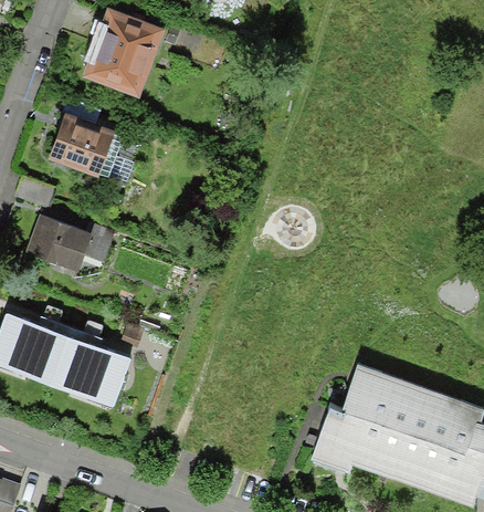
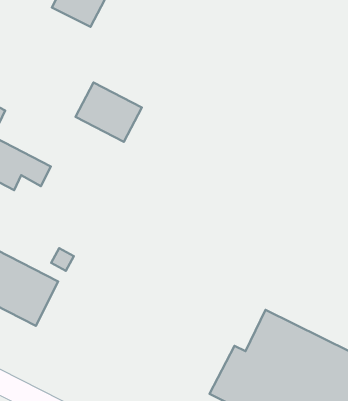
building: [51,115,119,174] -> [76,82,142,142]

